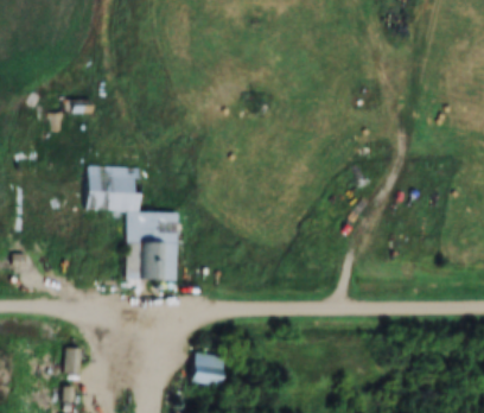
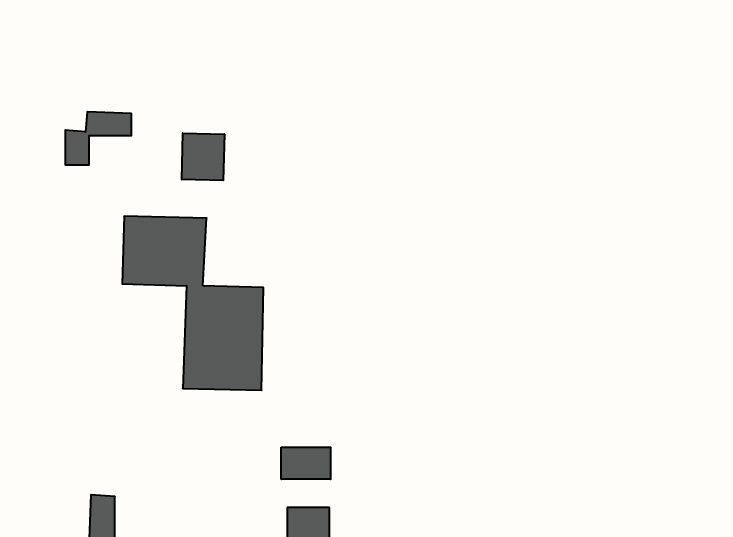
building: none -> [182,133,224,180]
building: none -> [281,447,331,479]

